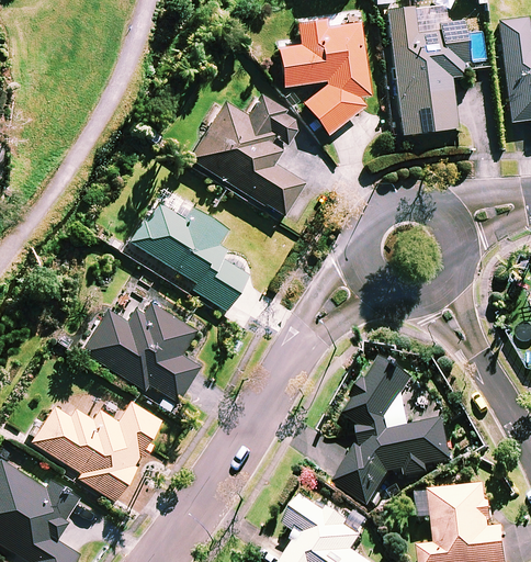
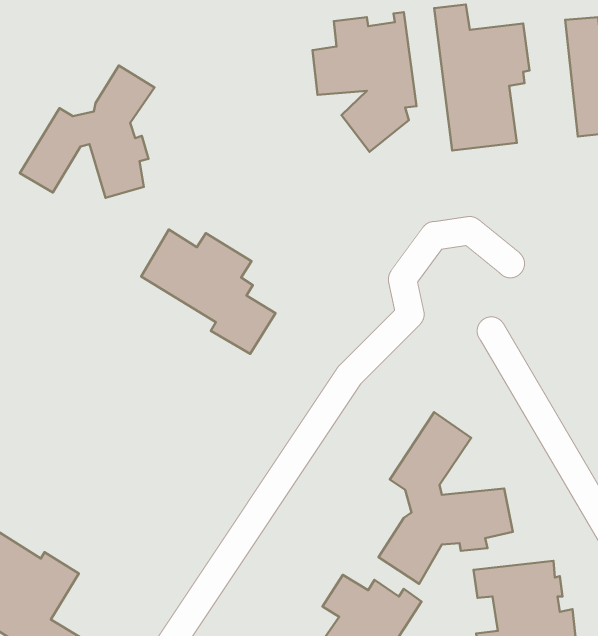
building: none -> [20,66,154,198]
building: [189,86,305,216] -> none
building: [82,301,199,401] -> none
building: [32,394,160,499] -> none

